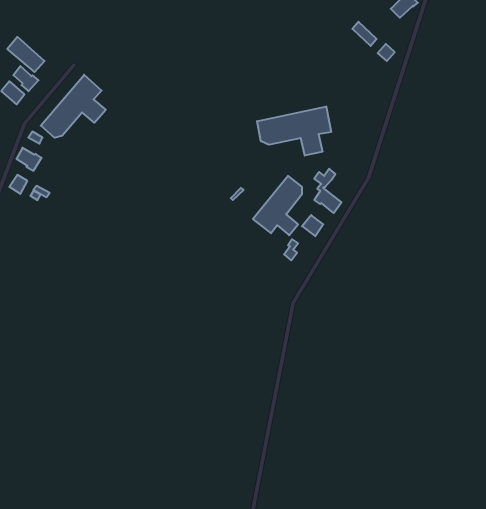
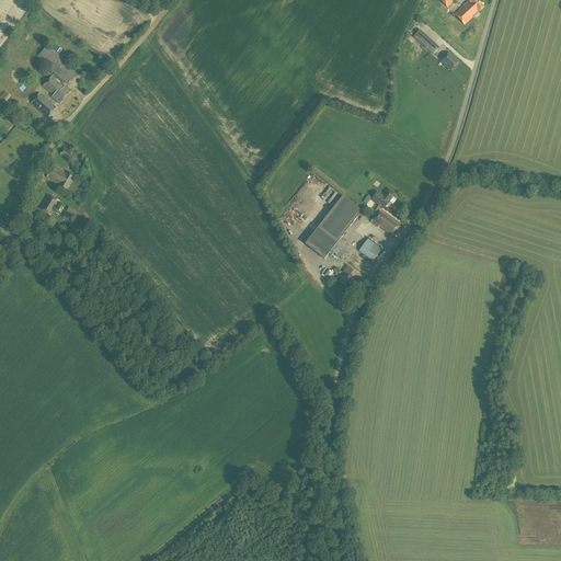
building: [41,75,106,138] -> none
building: [257,106,331,156] -> none

